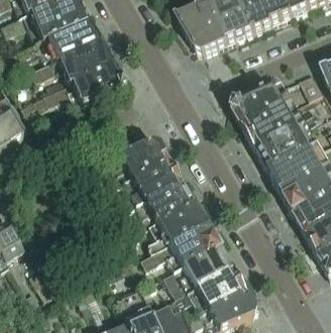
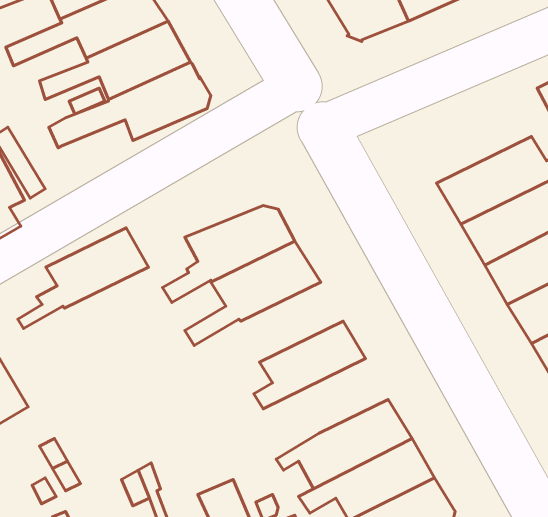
building: [234,81,296,126] -> none
building: [123,180,194,234] -> [18,228,148,329]
building: [141,221,218,263] -> none

